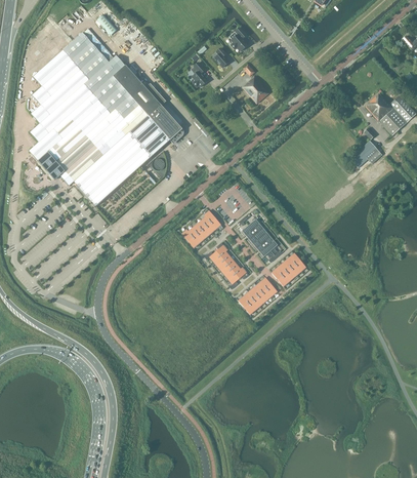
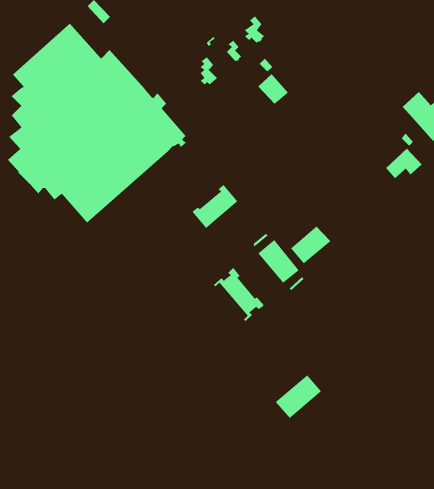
building: [181,209,221,247] -> [191,184,238,229]
building: [272,252,306,285] -> [290,226,331,264]
building: [238,276,278,314] -> [275,374,322,419]

